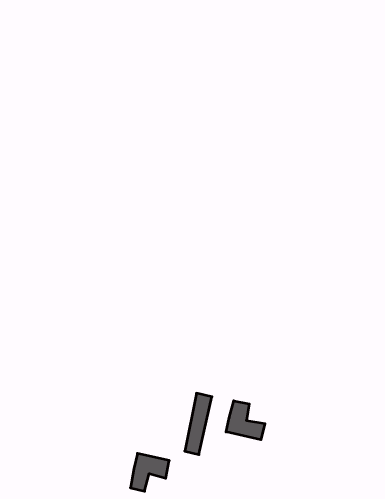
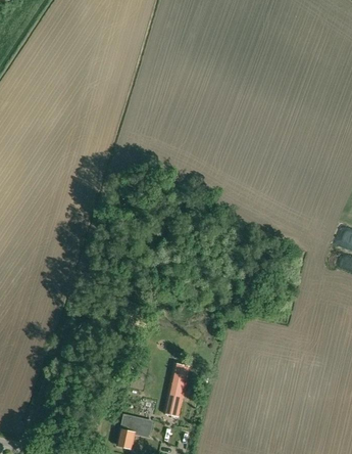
building: [226,401,265,440] -> none

